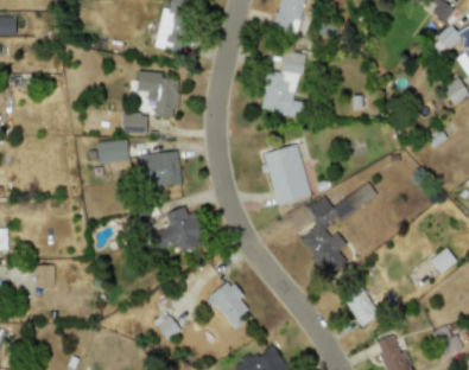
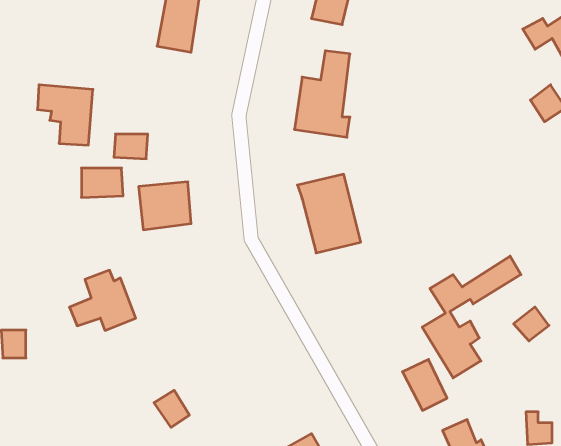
building: [138,71,180,117] -> [37,85,93,145]
building: [302,181,378,275] -> [422,256,521,378]
building: [154,205,205,251] -> [69,270,136,330]
building: [209,280,252,326] -> none

